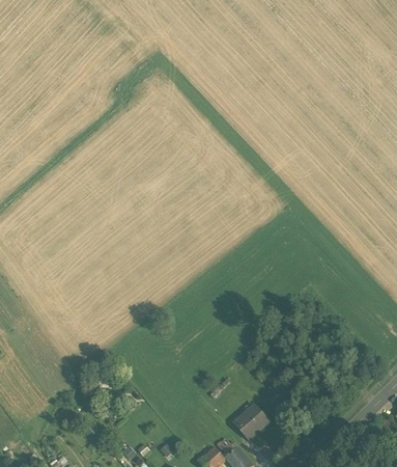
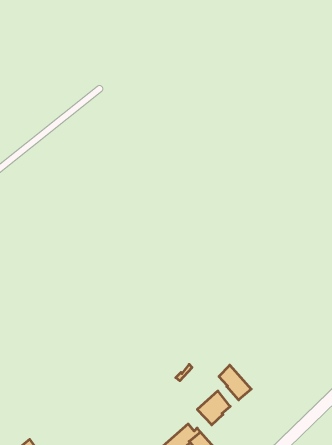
building: none -> [219,365,251,400]

